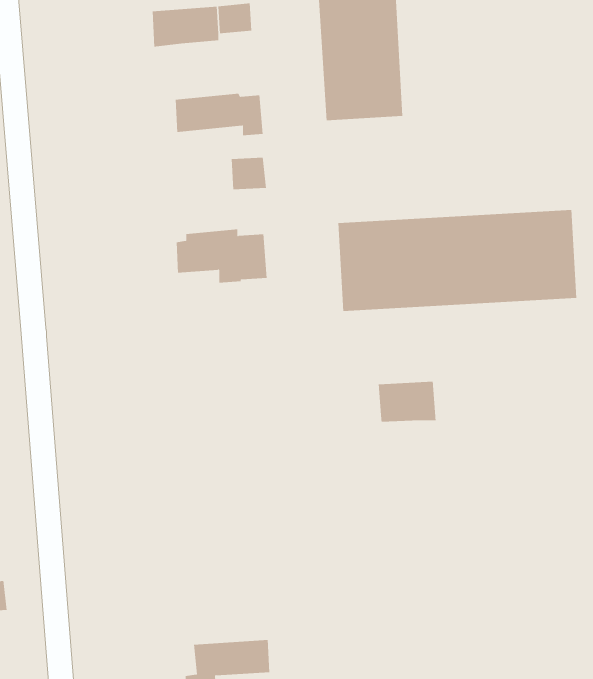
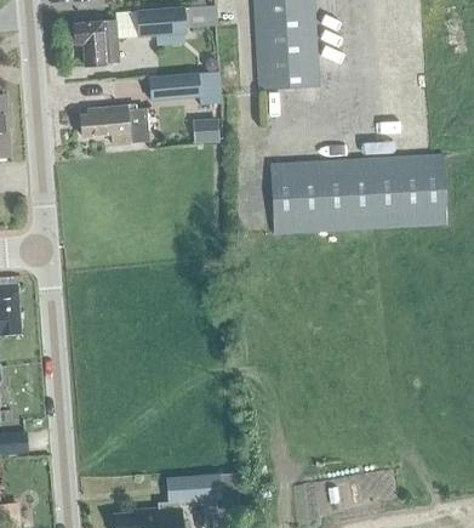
building: none -> [73,19,118,64]
building: [176,229,268,283] -> [80,103,148,143]
building: [378,381,436,422] -> none

